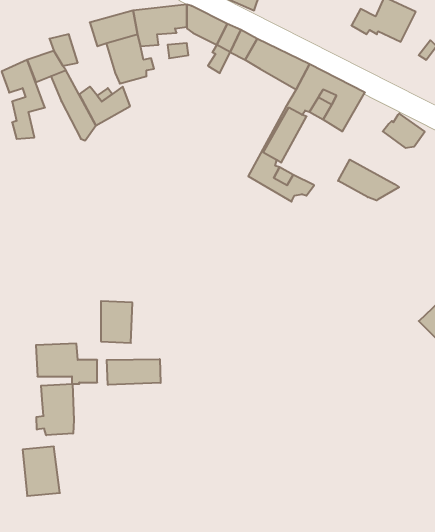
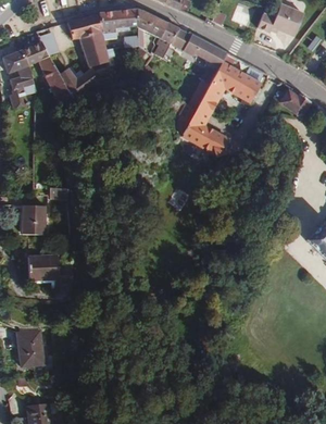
building: [338,160,399,200] -> none
building: [101,301,132,343] -> [22,204,45,235]
building: [107,359,161,385] -> none
building: [36,384,74,435] -> none

